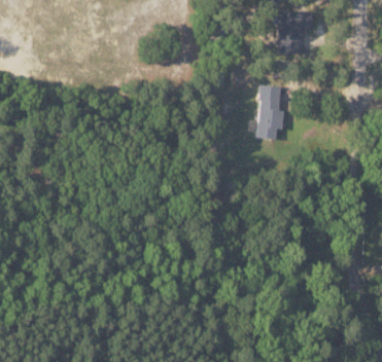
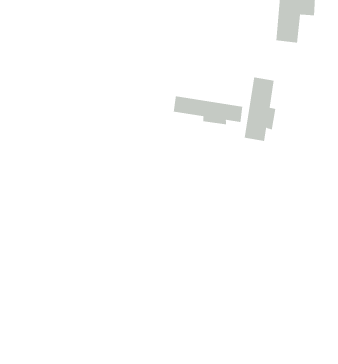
building: none -> [173,96,243,125]

